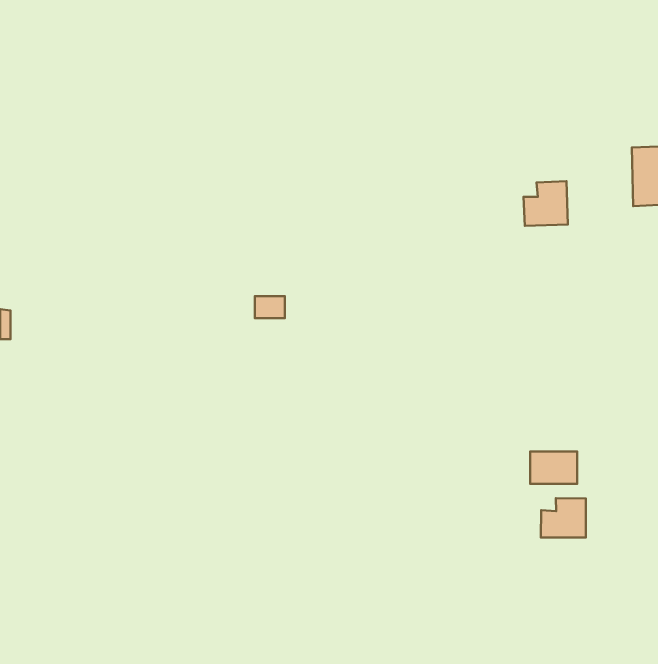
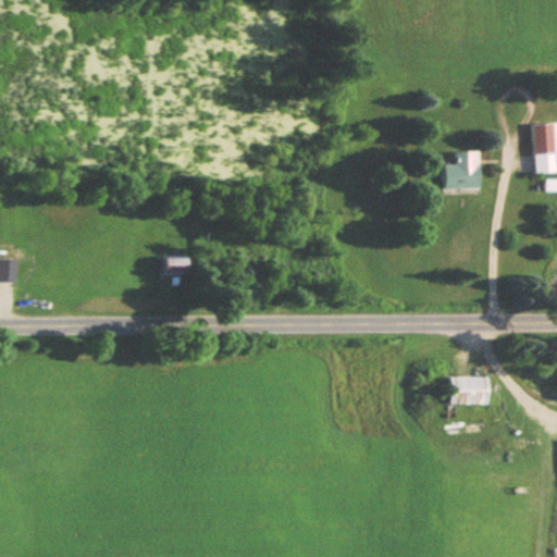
building: [255,296,285,318] -> [161,256,186,274]
building: [541,498,586,538] -> none

